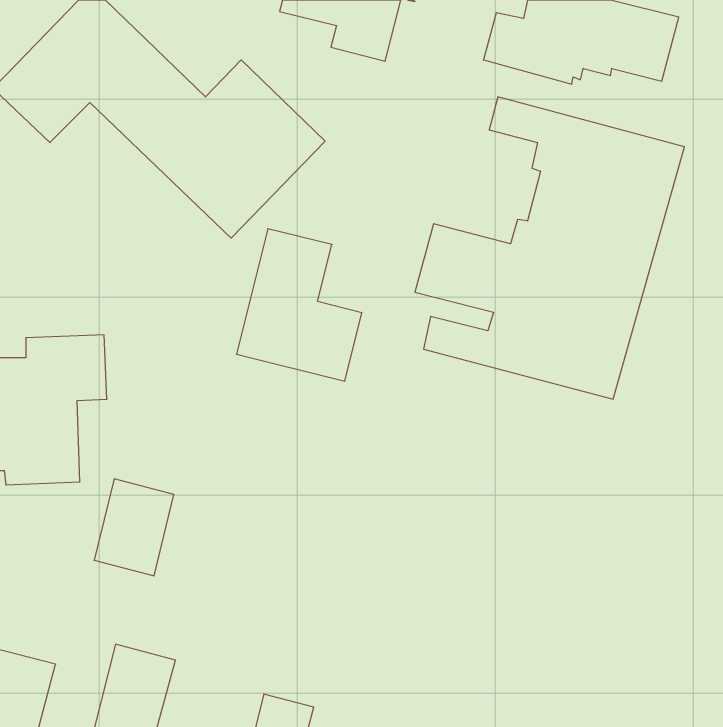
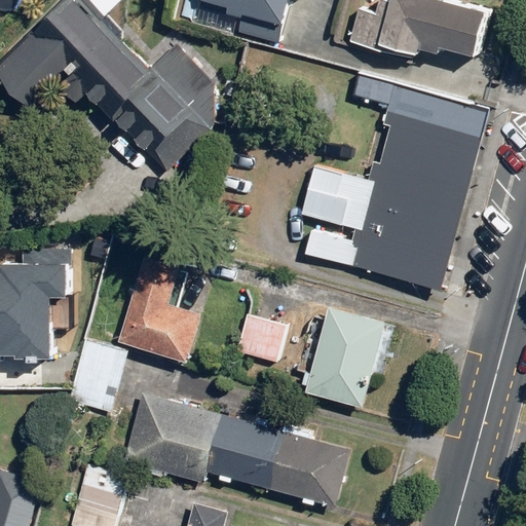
building: [236,229,362,381] -> [110,255,200,365]
building: none -> [298,310,385,411]
building: none -> [234,316,286,365]
building: none -> [123,394,349,508]

